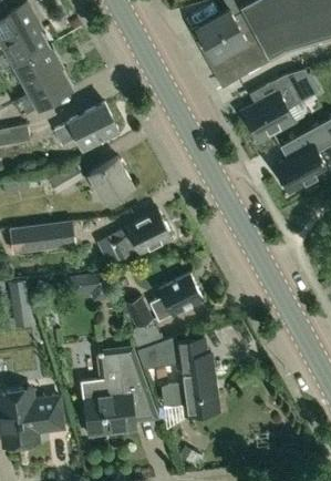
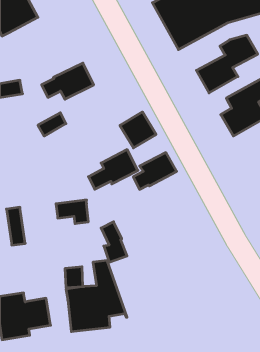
building: [12,48,72,119] -> none
building: [89,158,133,203] -> [120,112,156,148]
building: [10,222,76,255] -> none
building: [151,275,204,320] -> [133,153,177,189]
building: [138,337,218,417] -> none

